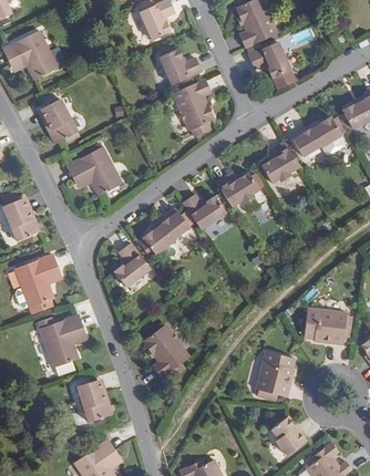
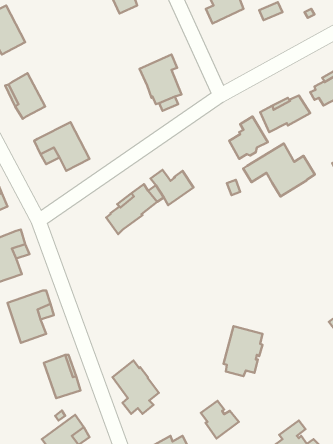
building: [247,41,289,77] -> none
building: [156,43,199,83] -> none
building: none -> [243,144,315,196]
building: [215,172,258,206] -> none
building: [114,245,151,289] -> none
building: [304,304,352,342] -> none
building: [143,323,189,376] -> [112,361,159,414]
building: [270,418,308,456] -> [201,401,239,438]

